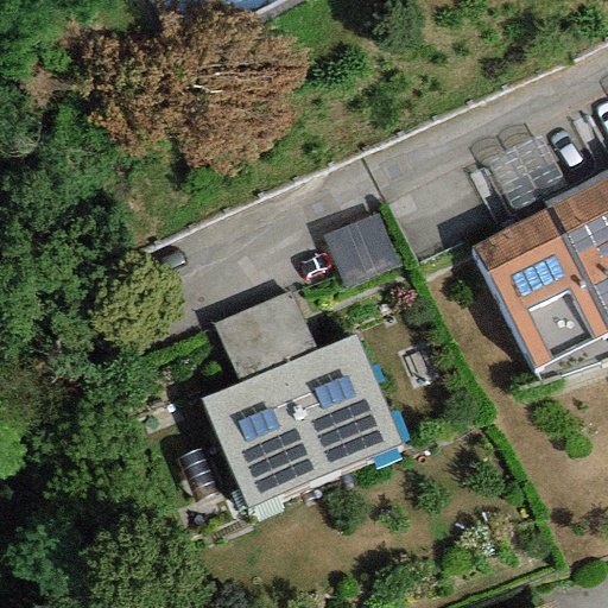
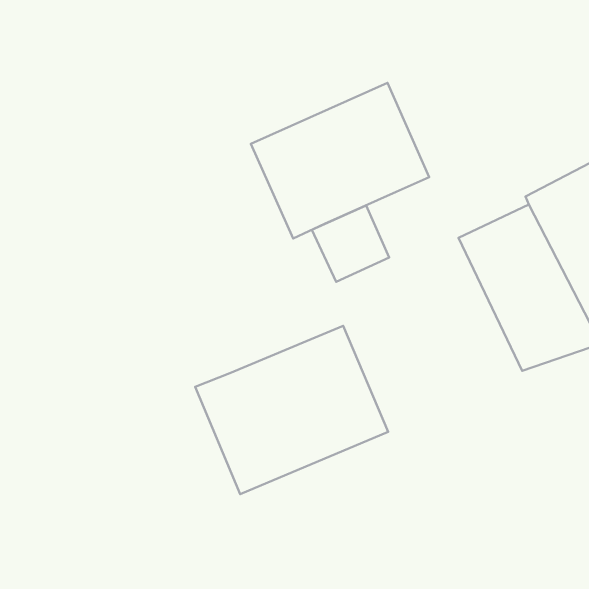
building: none -> [251,83,429,239]
building: [213,289,317,384] -> none

